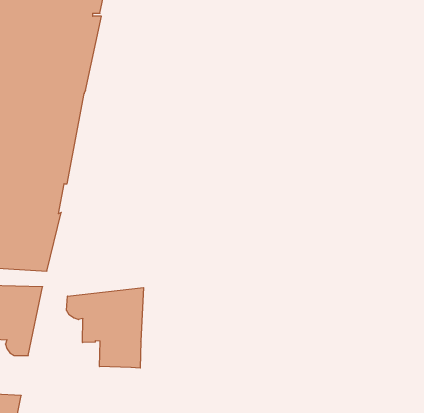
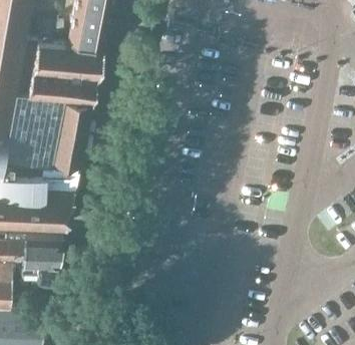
building: [66,288,144,368] -> none

